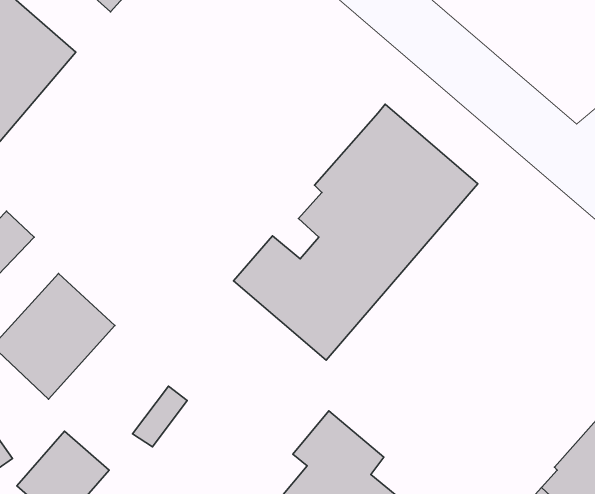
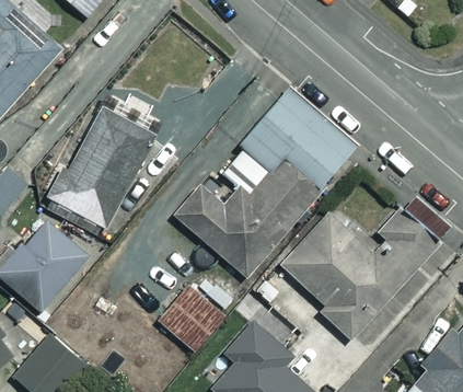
building: none -> [47,107,151,226]
building: none -> [283,208,448,344]
building: none -> [158,283,225,351]

